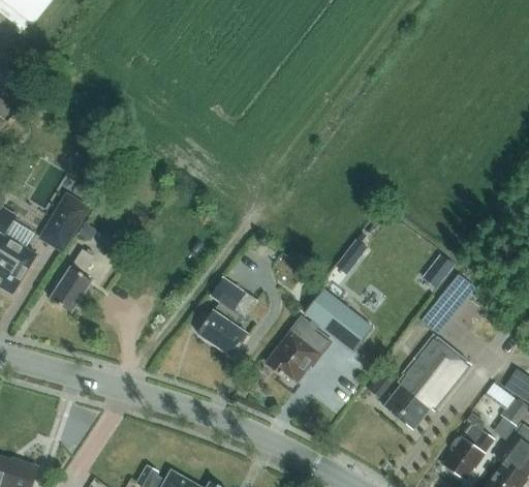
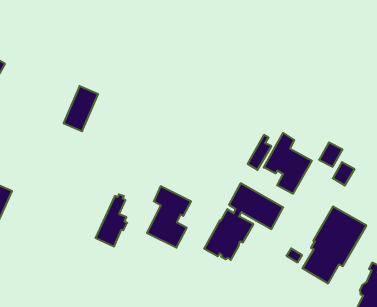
building: [40,194,89,251] -> [64,86,98,131]
building: none -> [264,133,312,194]
building: [51,248,95,312] -> [95,194,127,246]

